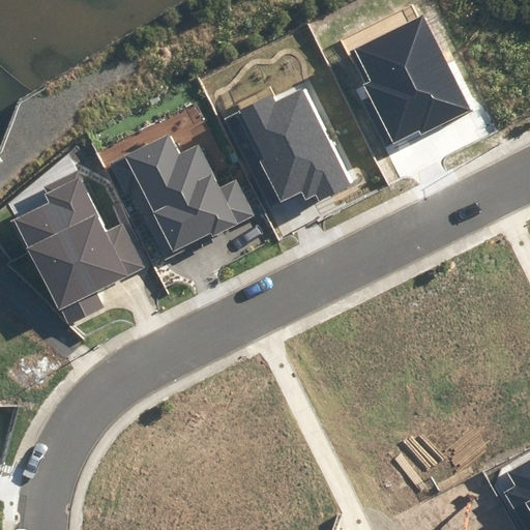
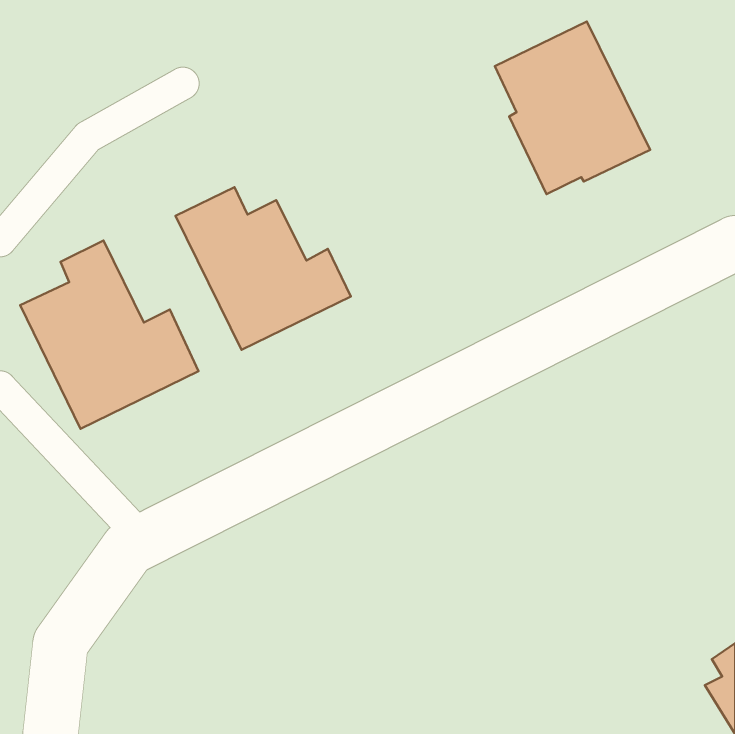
building: [239,89,348,198] -> none

